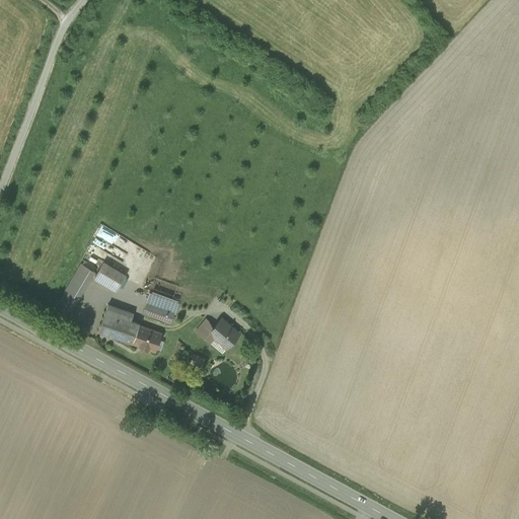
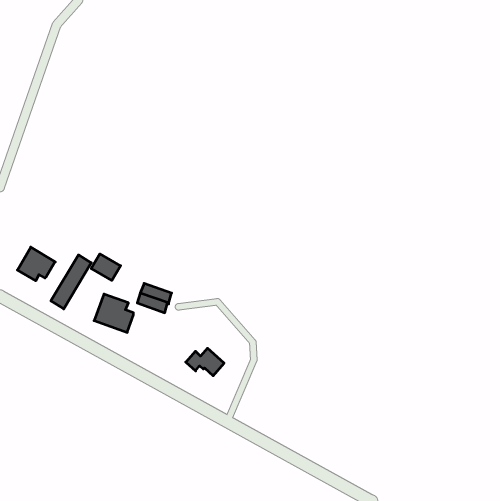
building: none -> [17,247,55,281]
building: [200,318,239,347] -> [186,348,224,376]
building: [133,325,161,351] -> none

